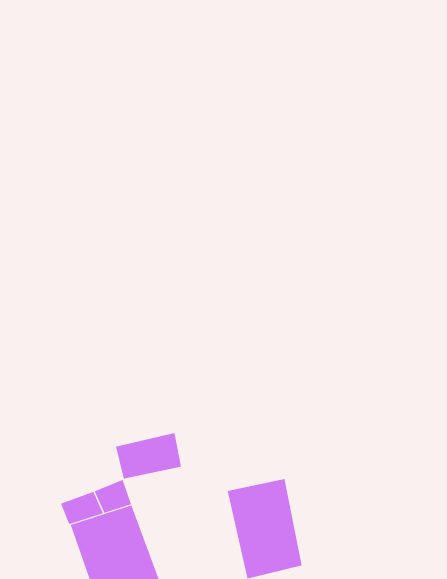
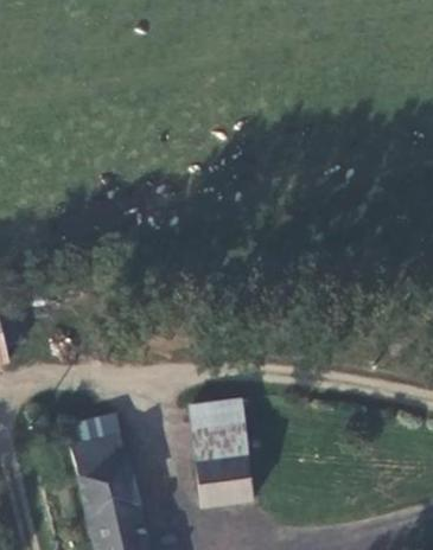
building: [115,432,182,479] -> [195,401,247,434]

